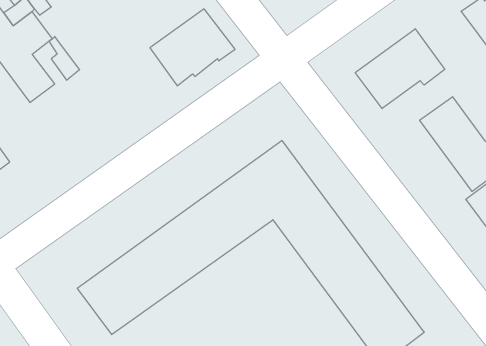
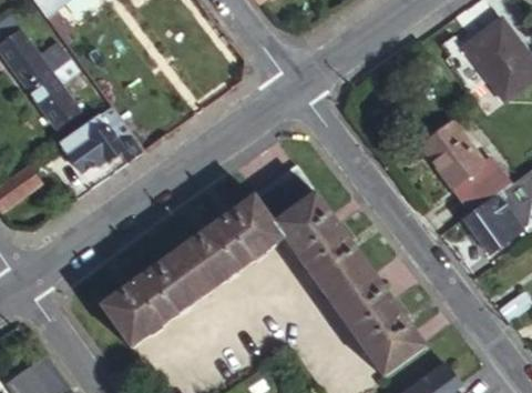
building: [150,9,235,86] -> [59,107,139,179]
building: [355,29,445,109] -> none

